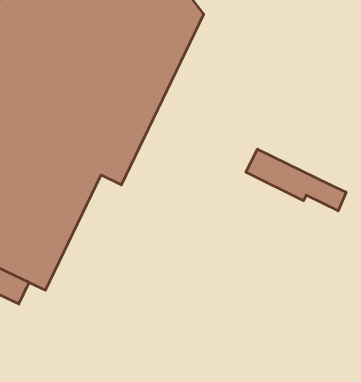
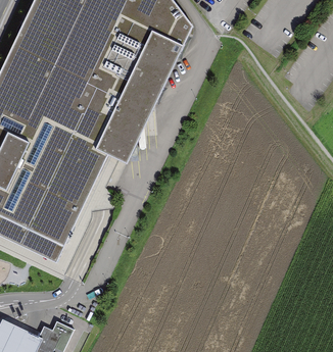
building: [246,149,346,211] -> none

